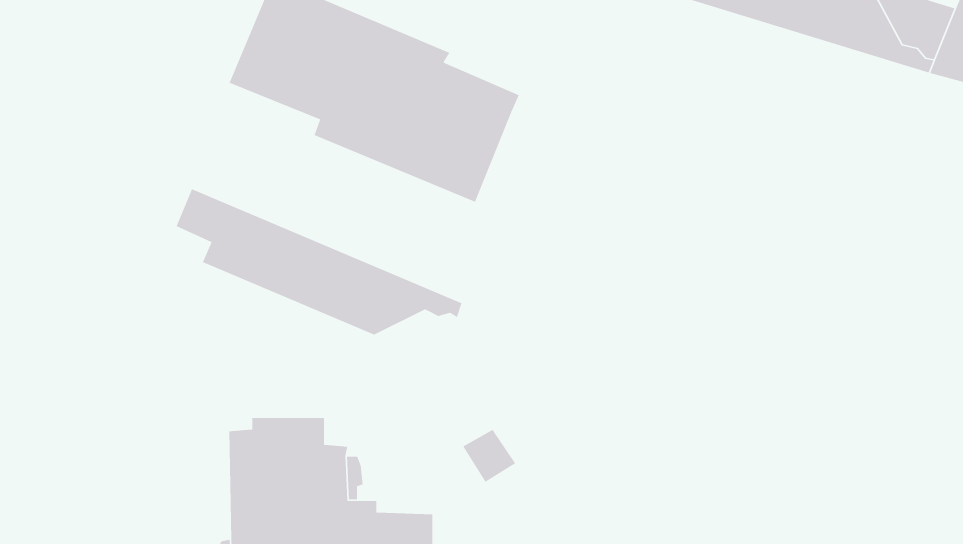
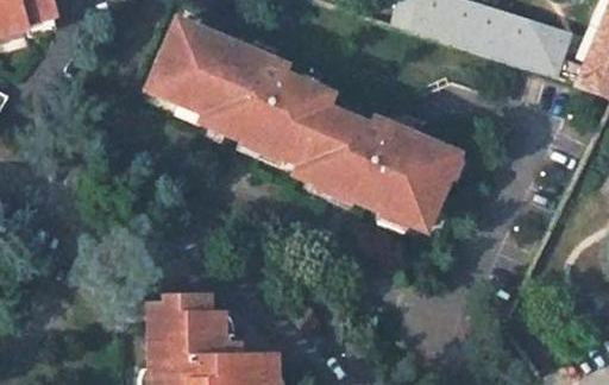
building: none -> [299,106,457,226]
building: [175,188,462,336] -> none

